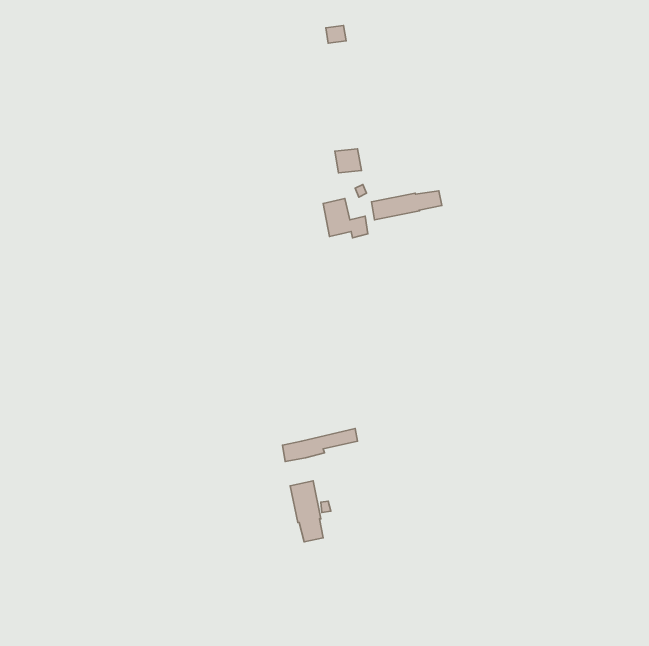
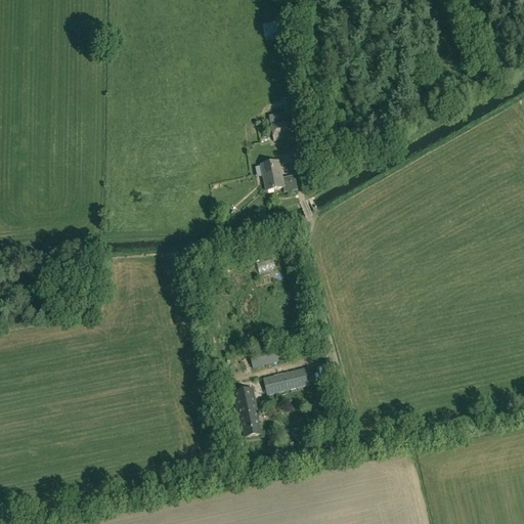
building: [371,191,442,220] -> none
building: none -> [262,366,312,394]

